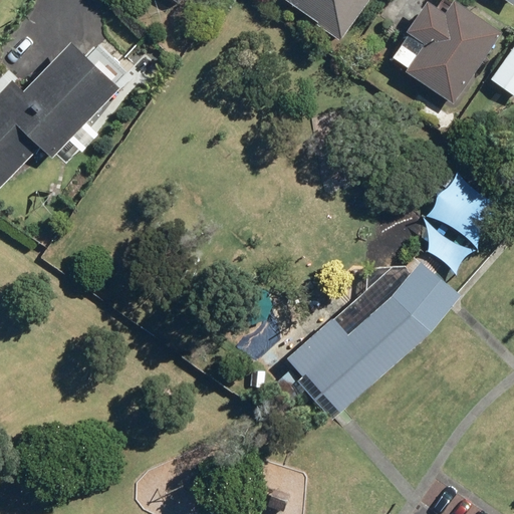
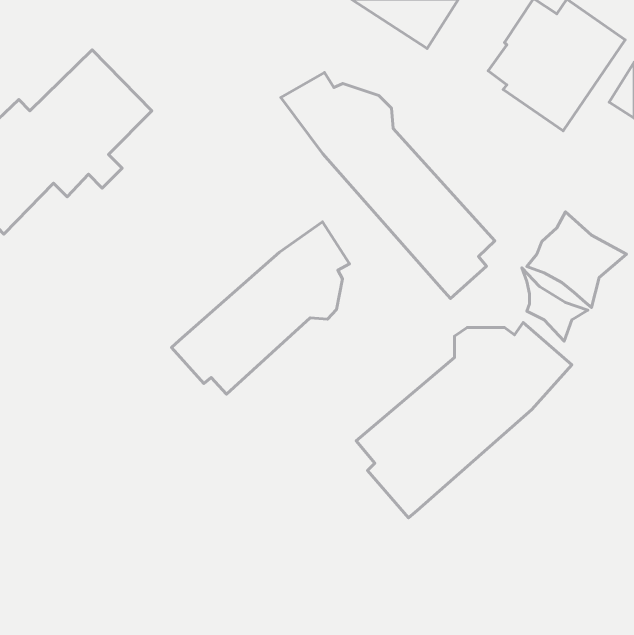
building: none -> [281,72,495,298]
building: none -> [172,222,349,394]

